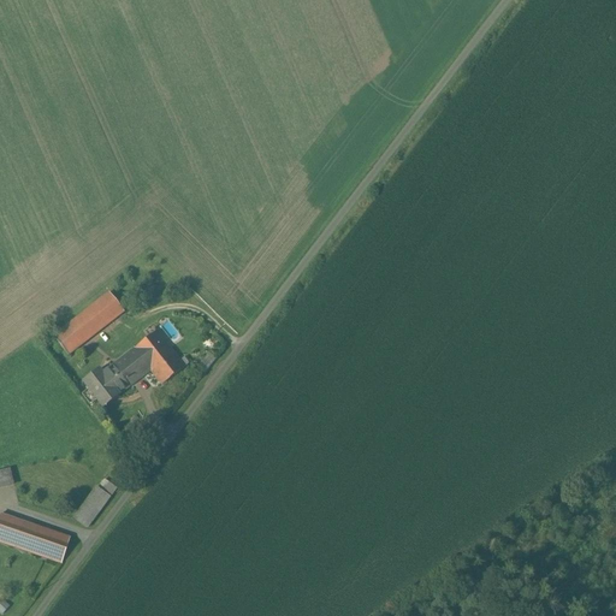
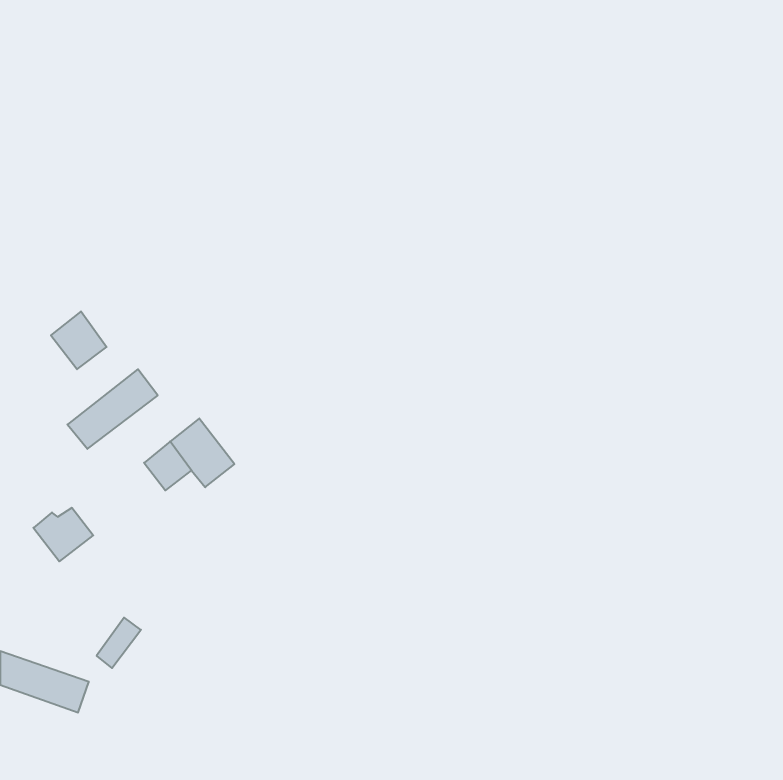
building: none -> [51,311,107,369]
building: [83,363,130,405] -> [33,508,93,561]

